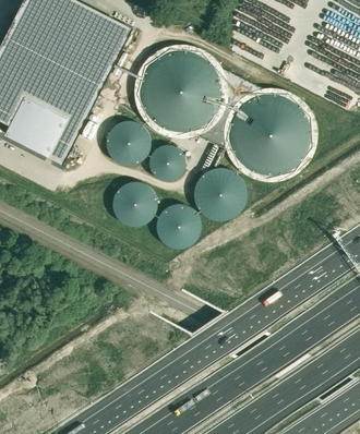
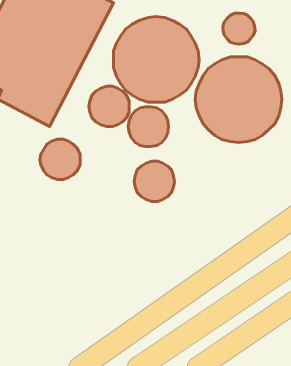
building: none -> [223,13,255,44]
building: [197,172,243,217] -> none
building: [111,182,156,227] -> [40,139,80,180]

